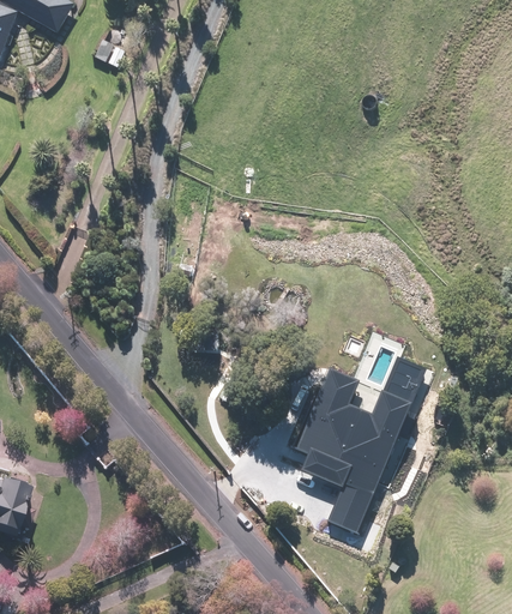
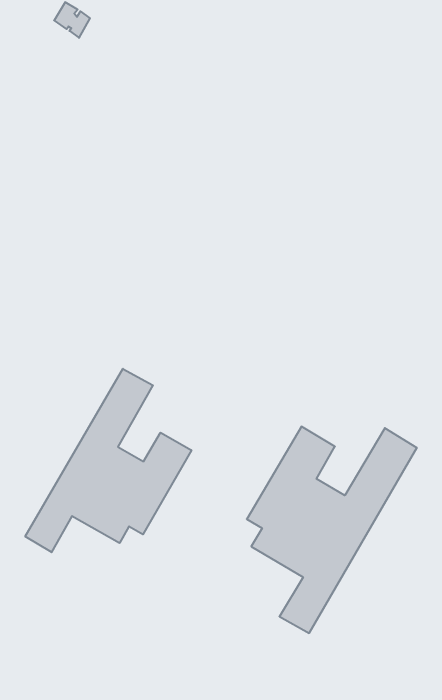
building: none -> [25,369,191,552]

